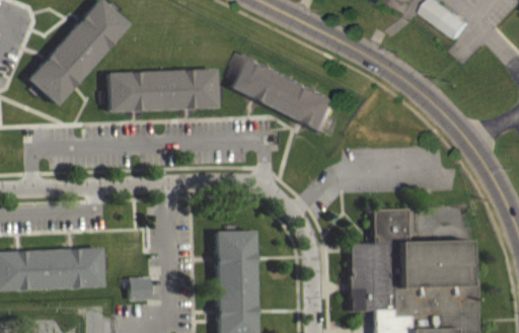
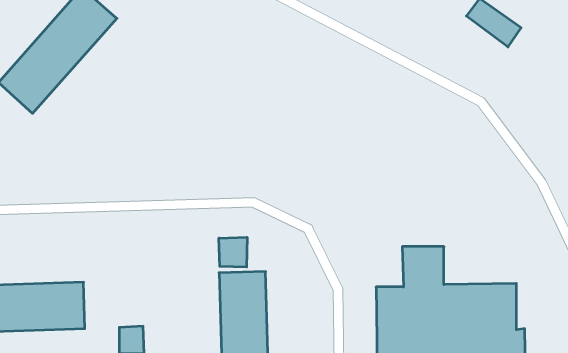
building: [232,56,347,137] -> none
building: [109,71,218,113] -> none
building: none -> [219,237,247,267]

